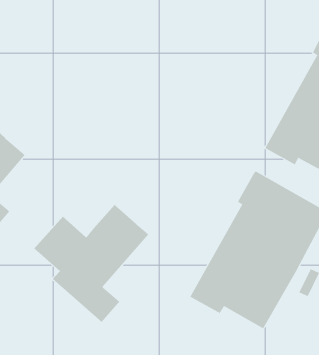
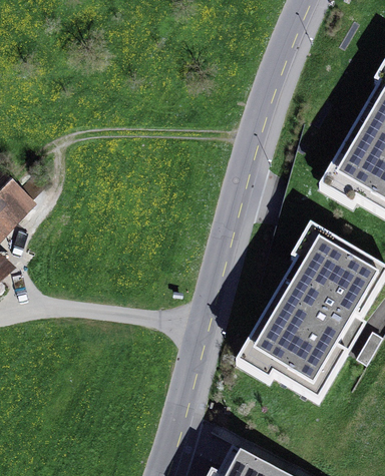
building: [34,204,149,323] -> none

